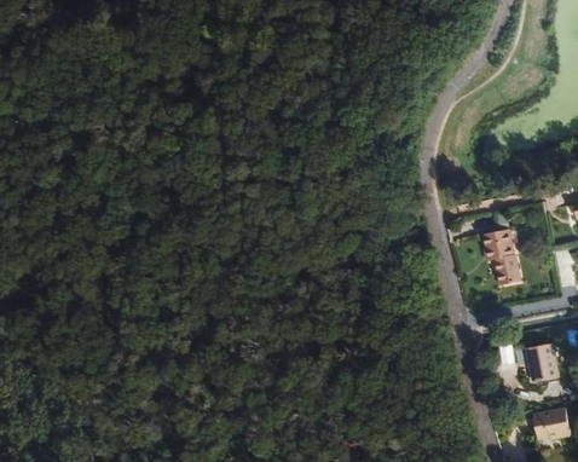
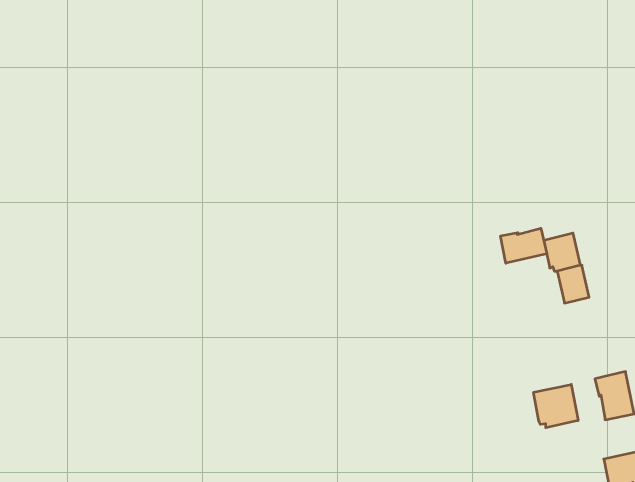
building: none -> [501,228,547,263]
building: none -> [534,384,578,428]

